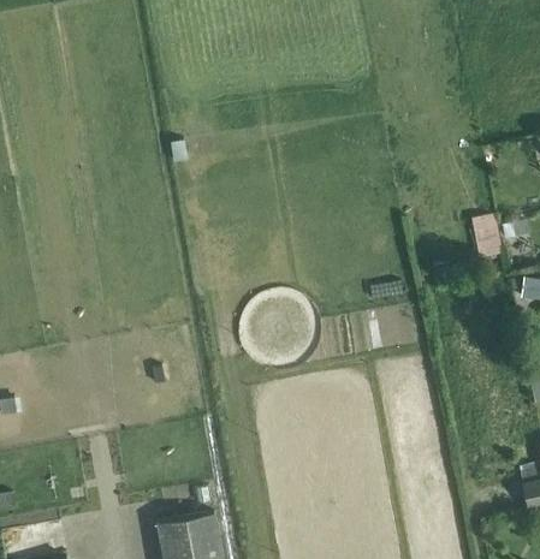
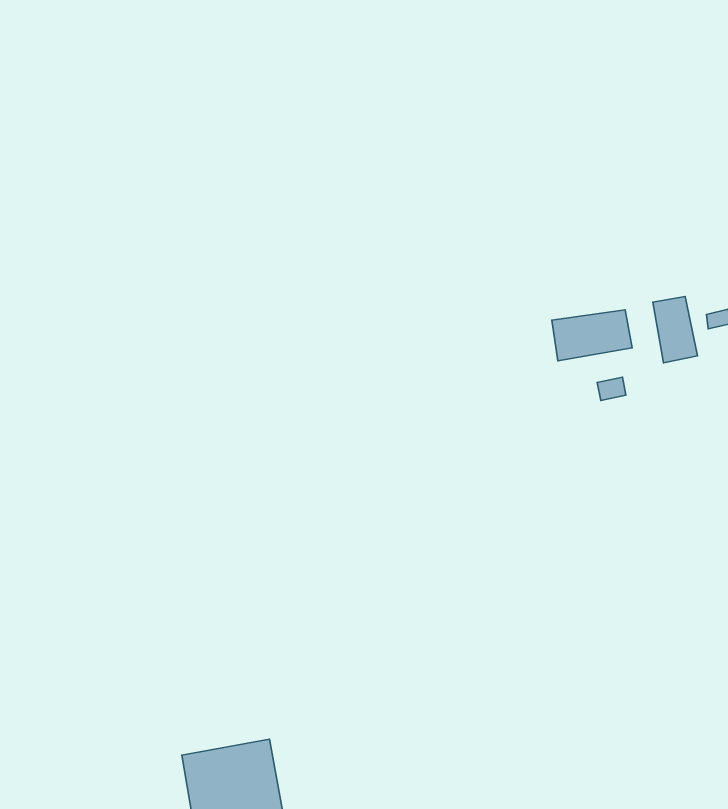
building: none -> [552,310,632,361]

